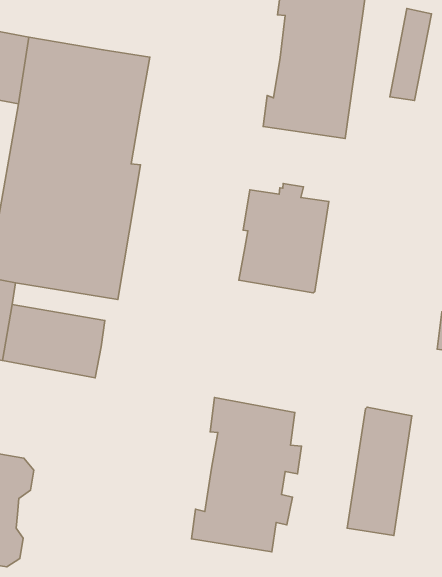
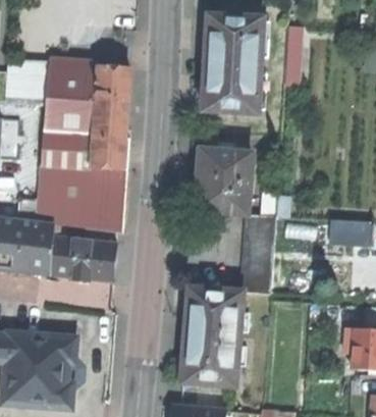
building: [347,407,412,535] -> [241,212,277,294]

